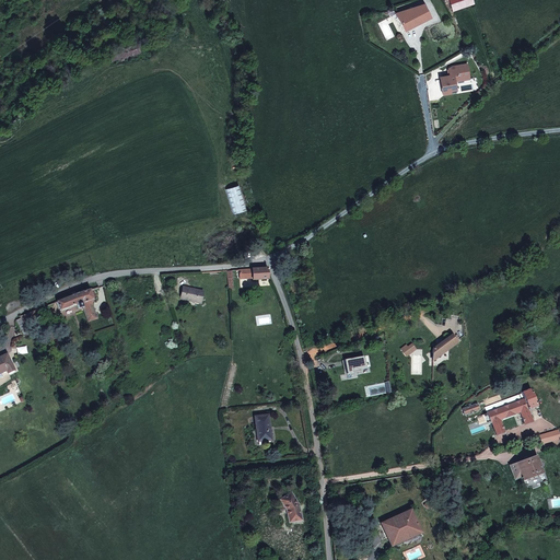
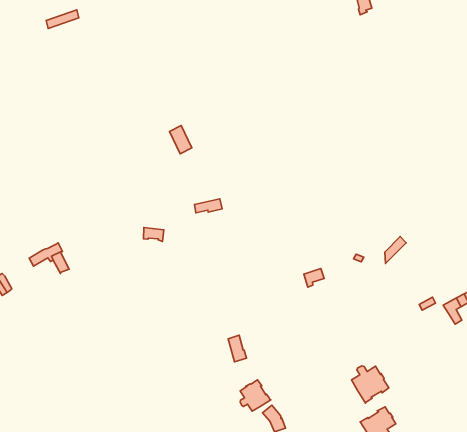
building: none -> [240,380,271,411]
building: none -> [352,366,389,403]

